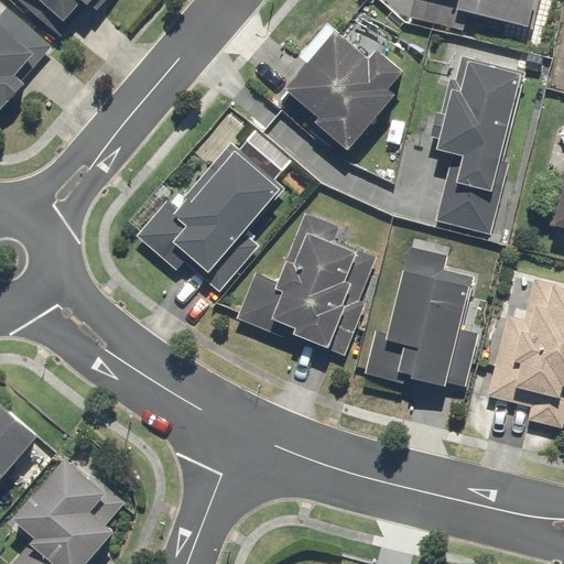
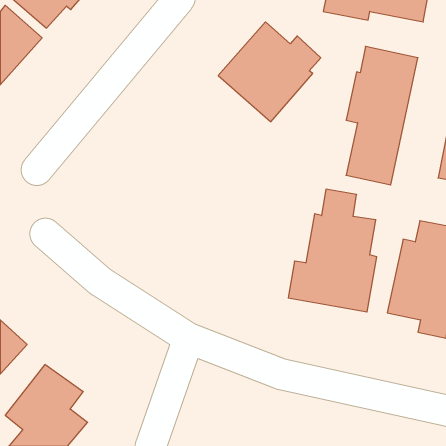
building: [135,129,291,292] -> none
building: [236,210,376,365] -> none

